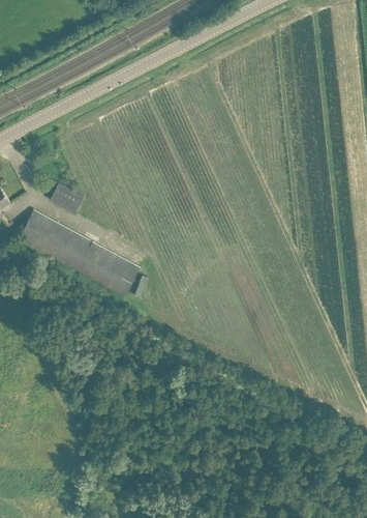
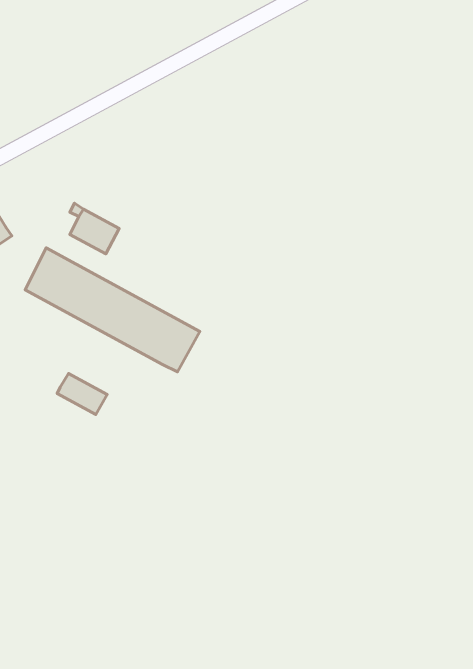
building: none -> [57,373,107,415]

